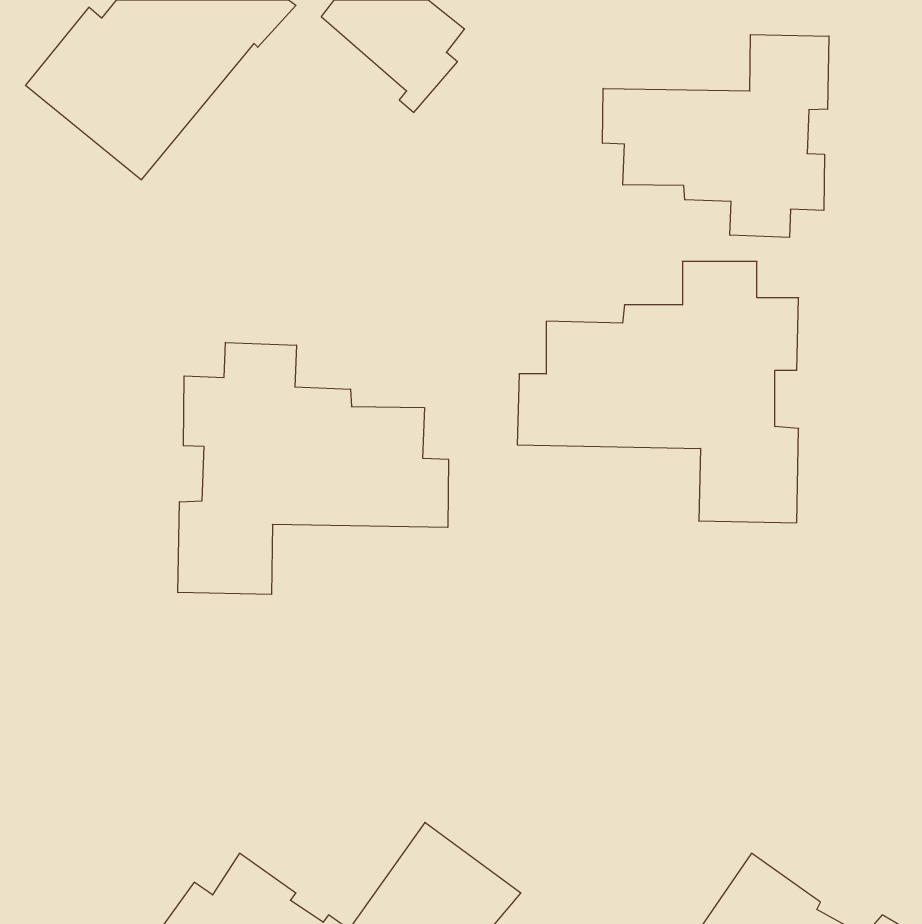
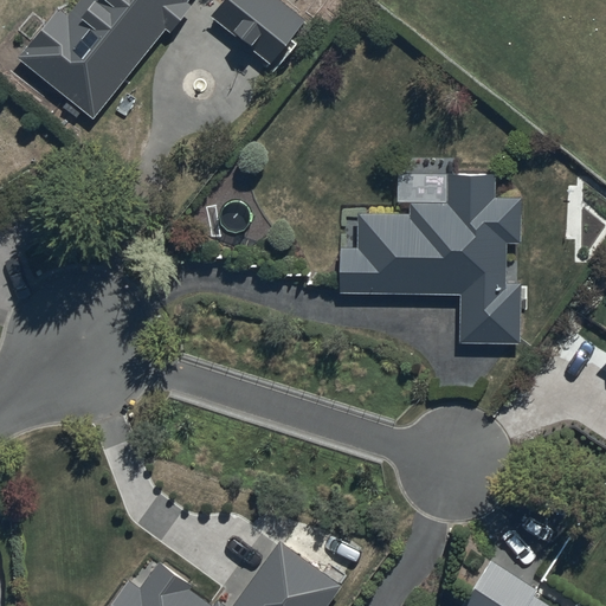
building: [603,35,829,237] -> none
building: [178,342,449,594] -> none

